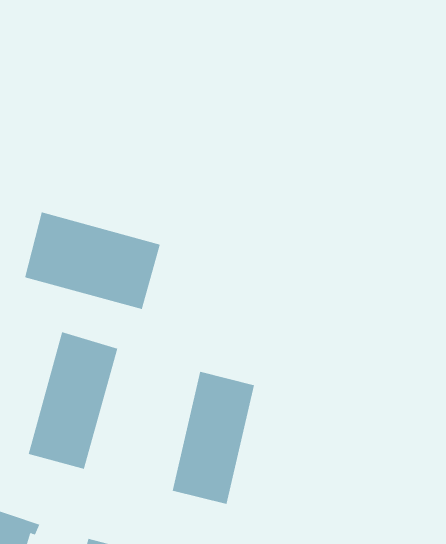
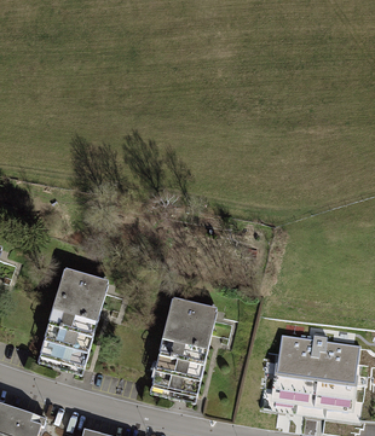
building: [24,211,160,310] -> none
building: none -> [270,333,362,417]

